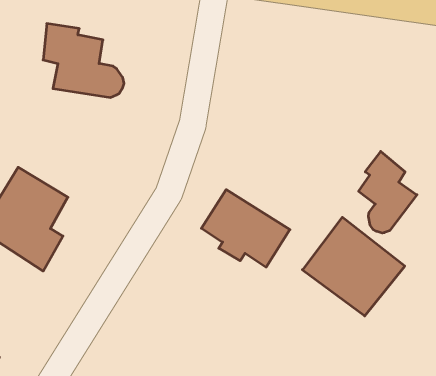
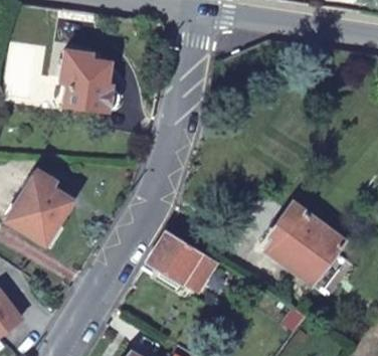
building: [359,151,417,233] -> none
building: [201,190,290,267] -> [148,231,219,294]

